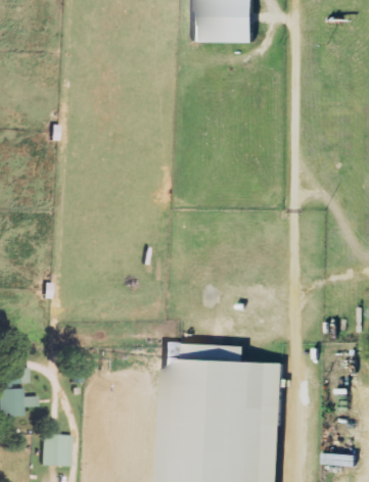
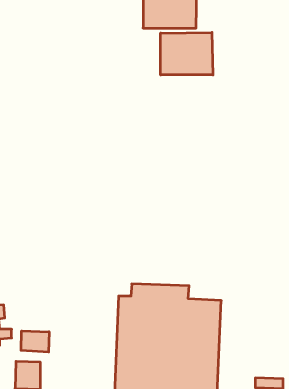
building: none -> [161,32,213,75]
building: none -> [21,331,49,352]

